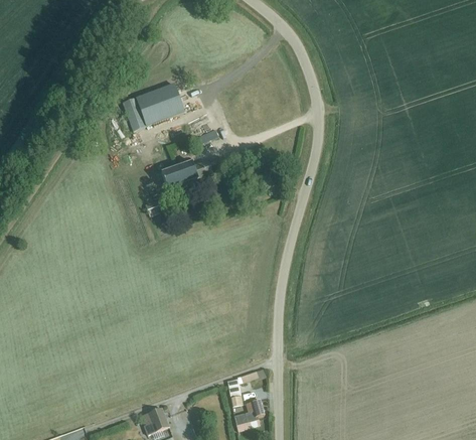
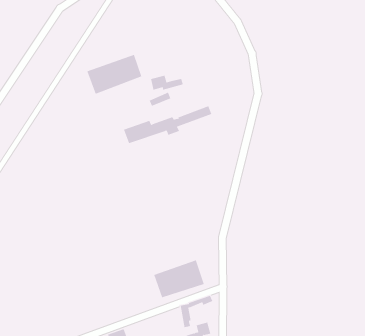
building: none -> [150,75,184,91]
building: none -> [154,260,204,298]

